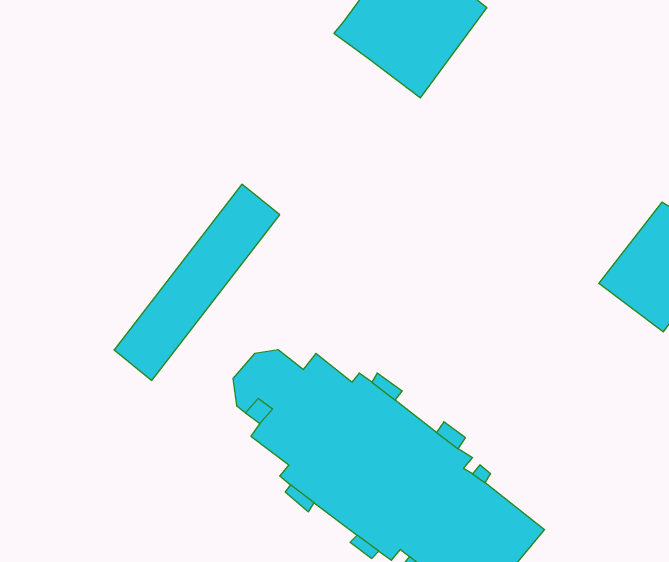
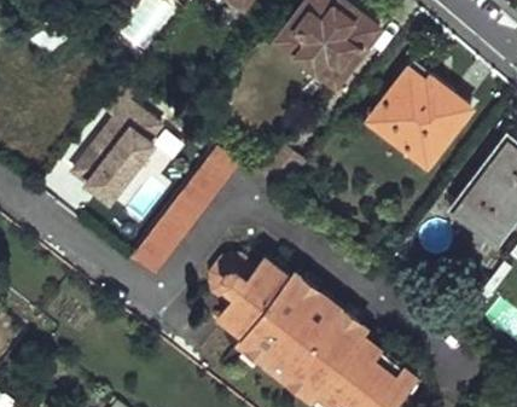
building: none -> [367,70,469,165]
building: none -> [65,89,168,209]

